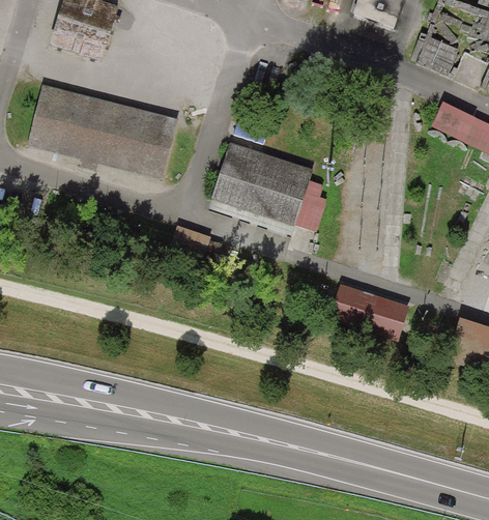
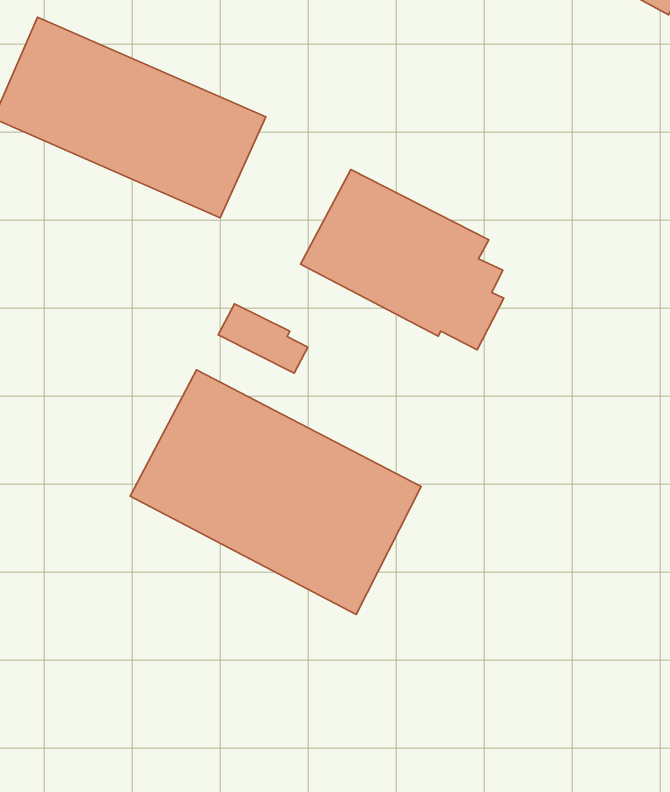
building: none -> [130,370,421,614]
building: [330,285,408,336] -> none

